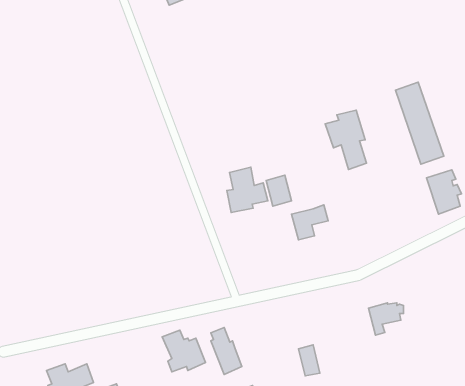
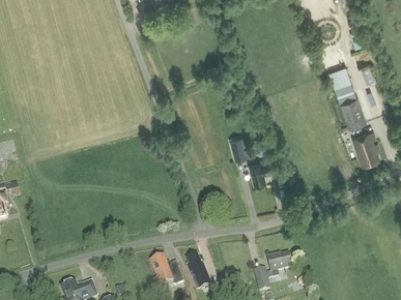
building: [325,110,367,169] -> none
building: [227,167,268,213] -> none
building: [369,303,404,335] -> [266,251,293,276]

